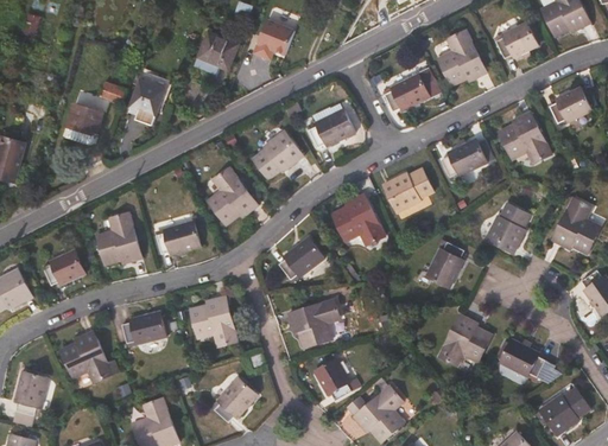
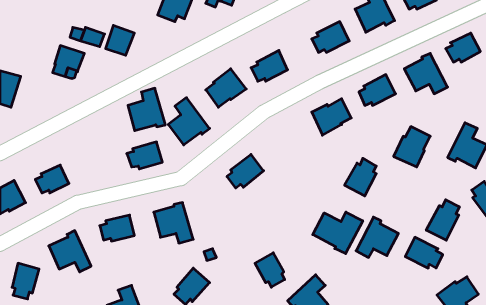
building: [332,193,386,243] -> none
building: [96,212,142,265] -> [128,88,165,131]
building: none -> [426,200,459,240]
building: [290,298,340,348] -> none
building: none -> [313,212,363,254]

